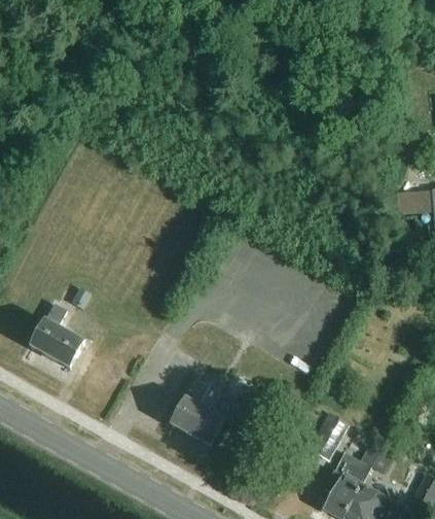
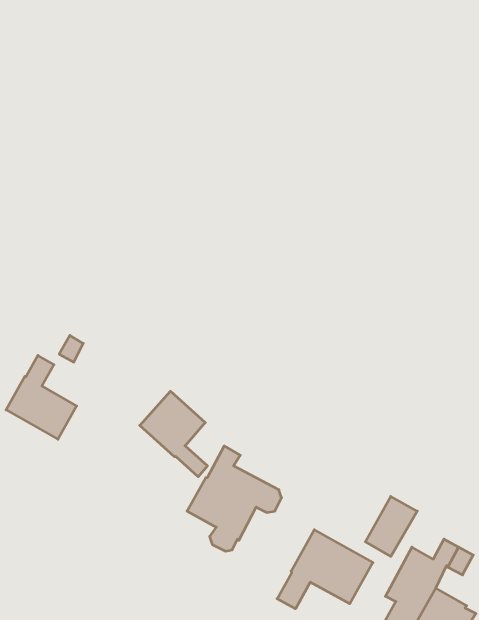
building: none -> [140,391,207,477]
building: none -> [277,530,373,609]

